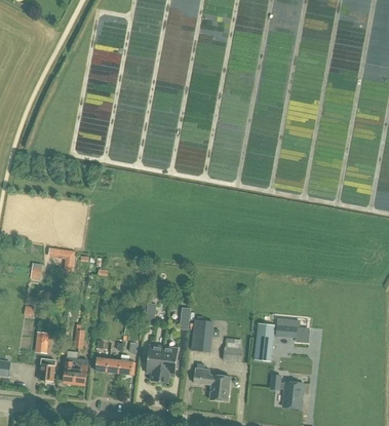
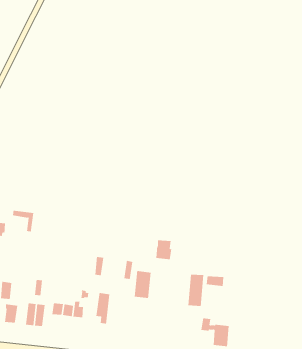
building: [223,339,242,362] -> [156,240,172,260]
building: [159,347,178,383] -> none
building: [194,363,231,401] -> none

